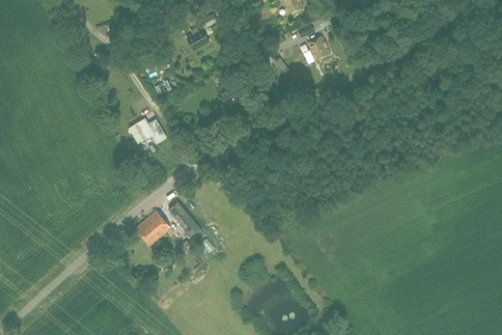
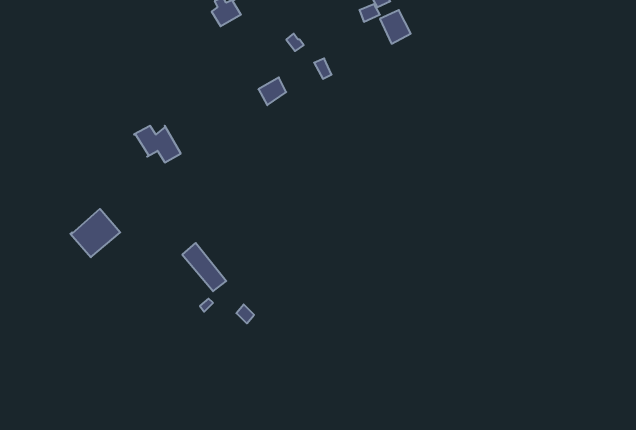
building: [135,211,170,245] -> [70,209,120,257]

